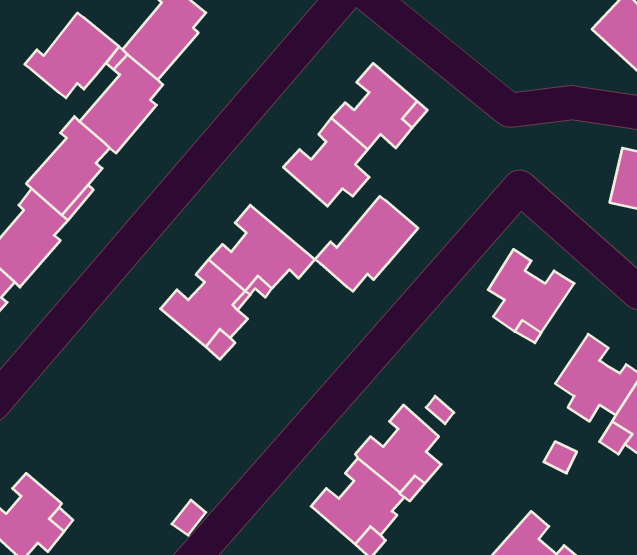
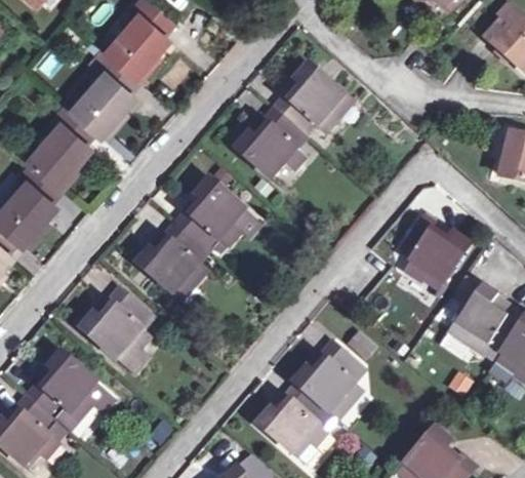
building: [25,13,119,98] -> none
building: [315,196,418,291] -> none
building: none -> [81,287,151,373]
building: none -> [28,350,116,420]

